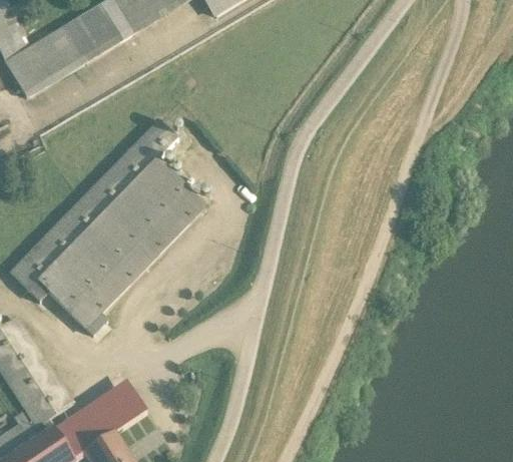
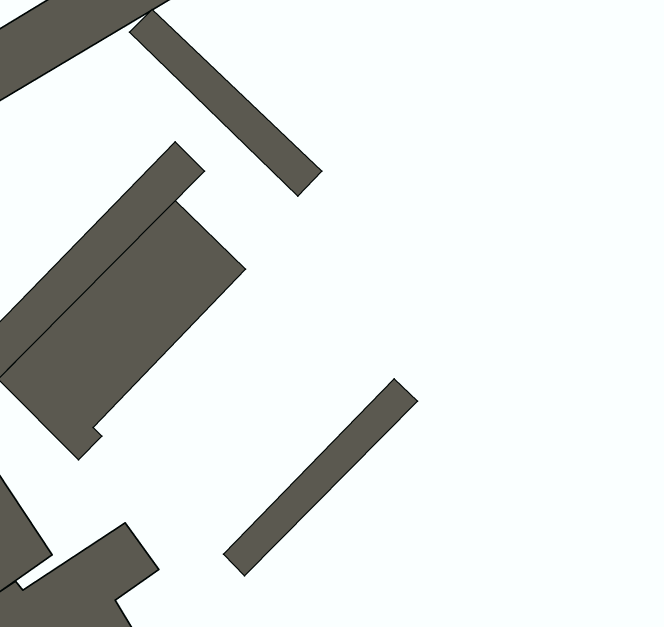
building: none -> [130,10,322,196]
building: none -> [224,379,418,576]

